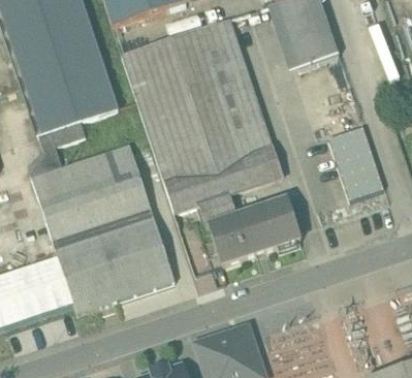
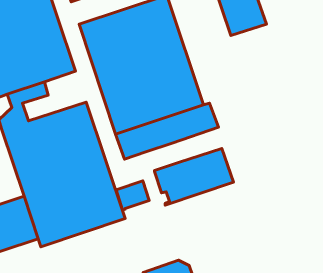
building: [329,126,383,199] -> none
building: [199,192,237,226] -> [116,181,149,210]

